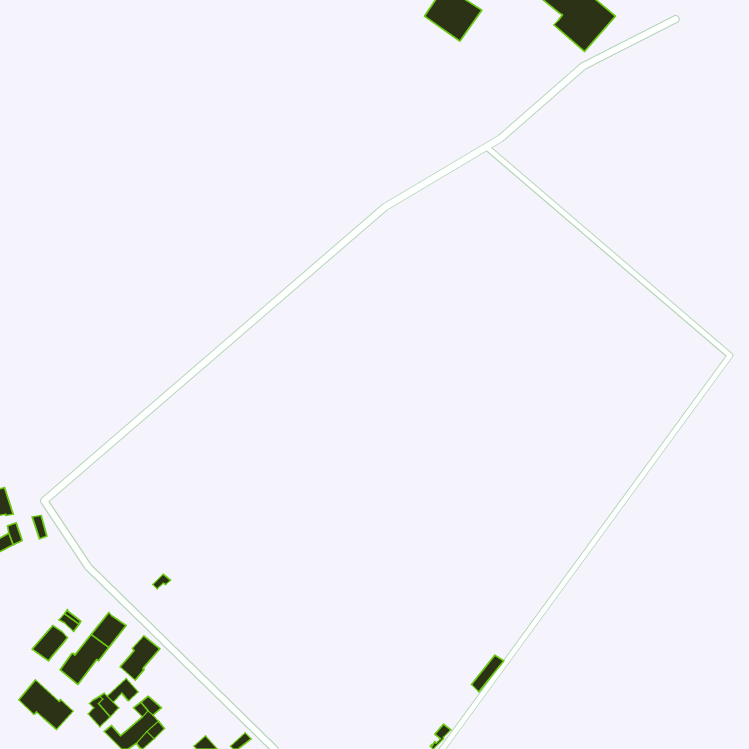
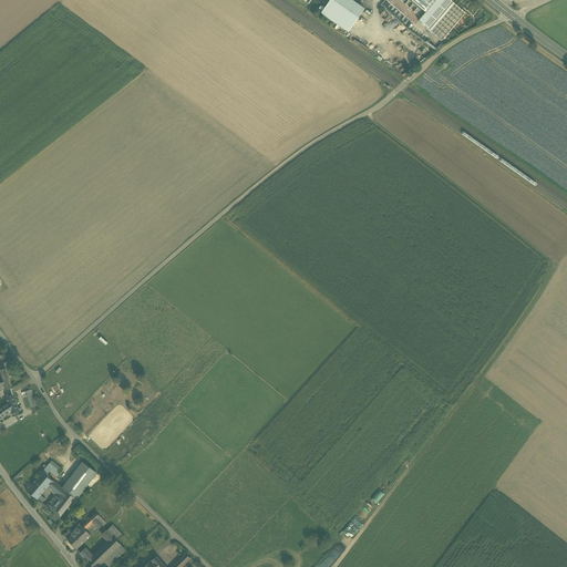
building: [120,636,160,680] -> none
building: [19,680,73,730] -> none

